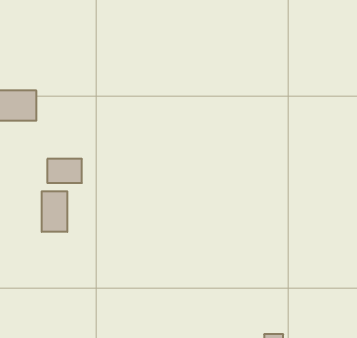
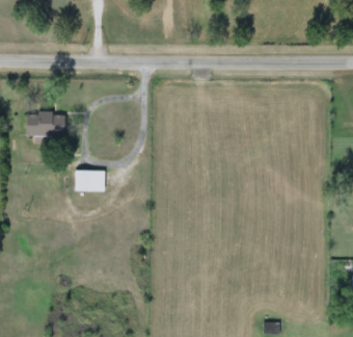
building: [42,191,67,232] -> none

